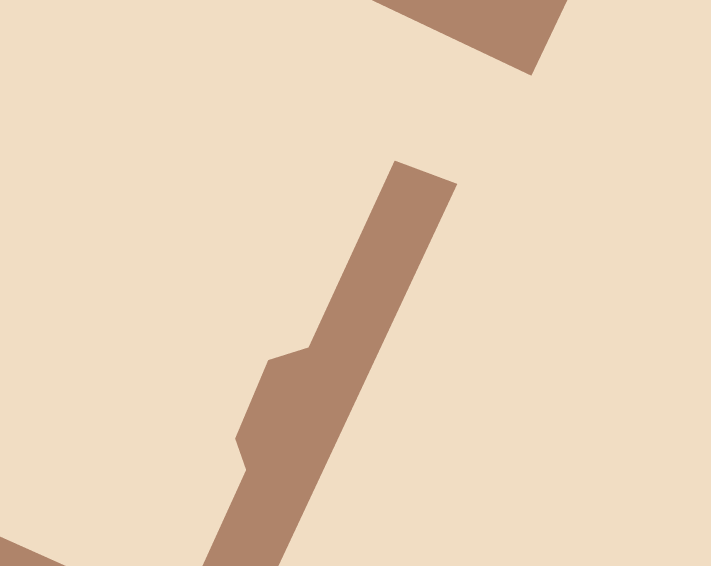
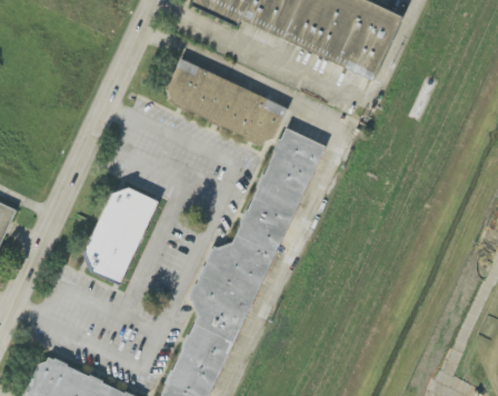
building: none -> [162,59,287,147]
building: none -> [86,187,158,283]

